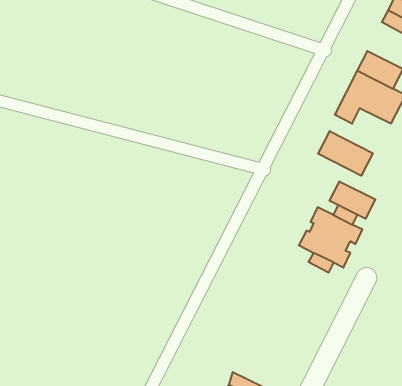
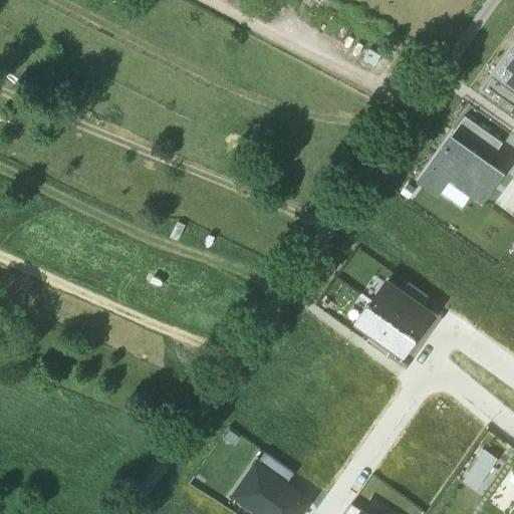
building: [318,131,373,176] -> none
building: [330,181,375,219] -> none

